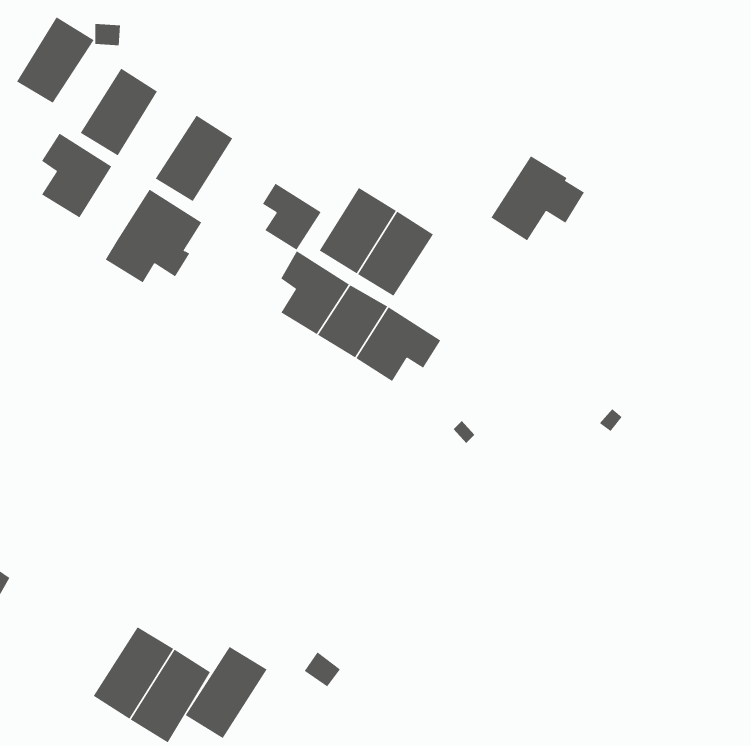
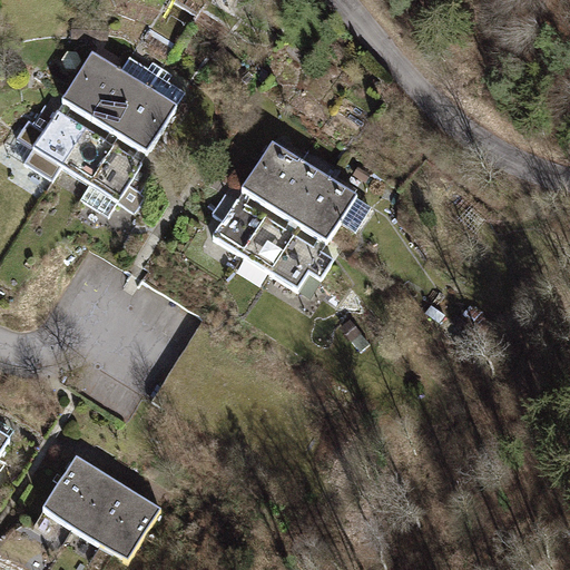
building: [16,17,94,104] -> [89,69,148,135]
building: [491,156,585,241] -> [297,177,368,242]
building: none -> [60,126,112,181]
building: [262,183,321,251] -> none
building: [185,646,268,739] -> [41,455,104,525]

